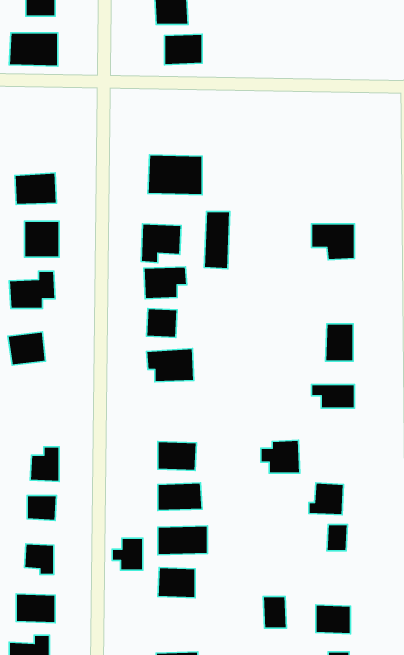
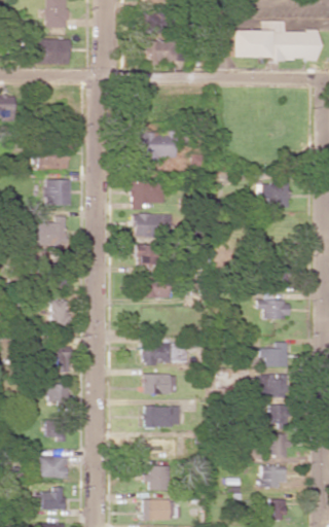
building: none -> [233,22,319,61]
building: [204,211,230,269] -> none
building: none -> [50,300,69,330]
building: [261,440,300,473] -> [260,342,289,366]
building: [112,538,143,570] -> [143,466,166,490]
building: [263,596,287,628] -> [270,433,288,457]

